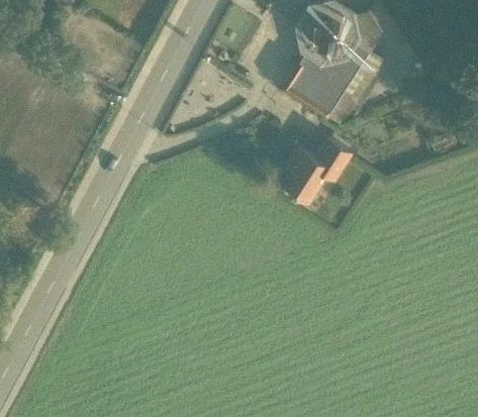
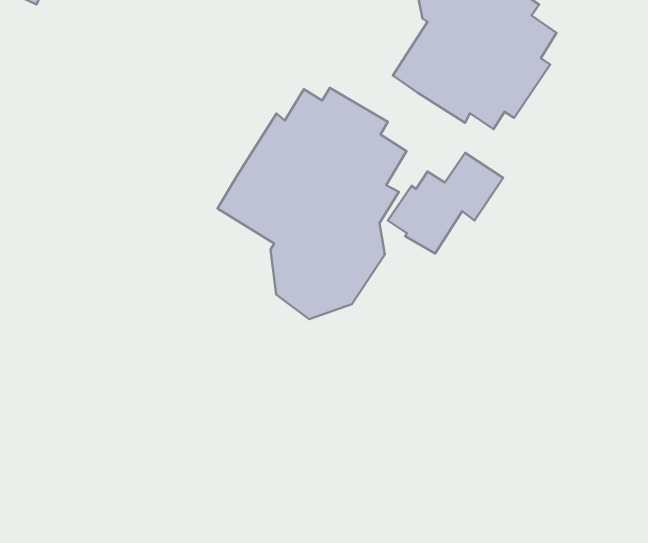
building: none -> [218,88,406,319]

